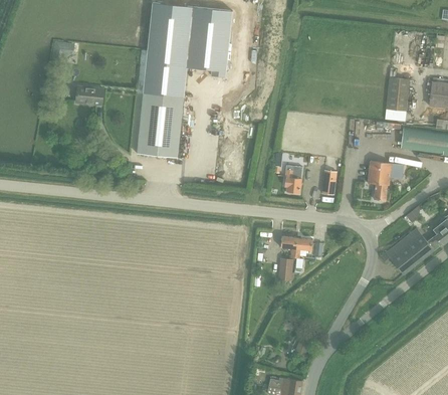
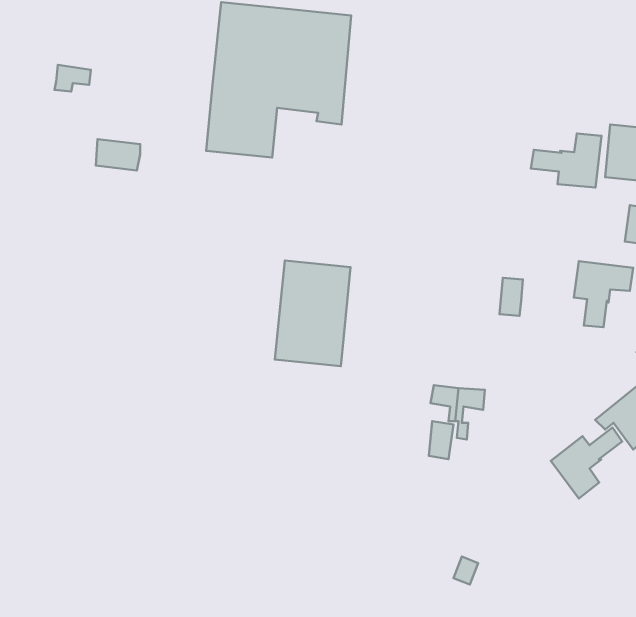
building: none -> [531,134,601,188]
building: [137,92,183,157] -> [275,260,351,366]
building: [284,165,301,193] -> none
building: none -> [551,427,622,498]

